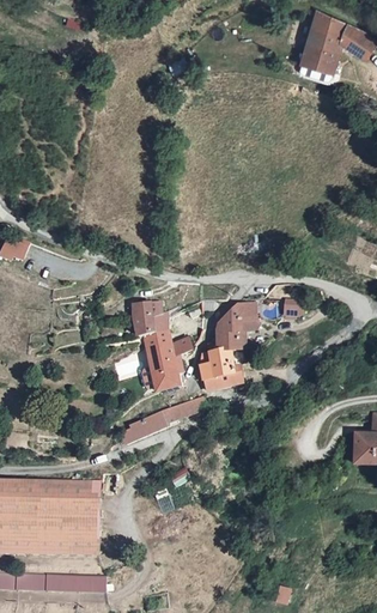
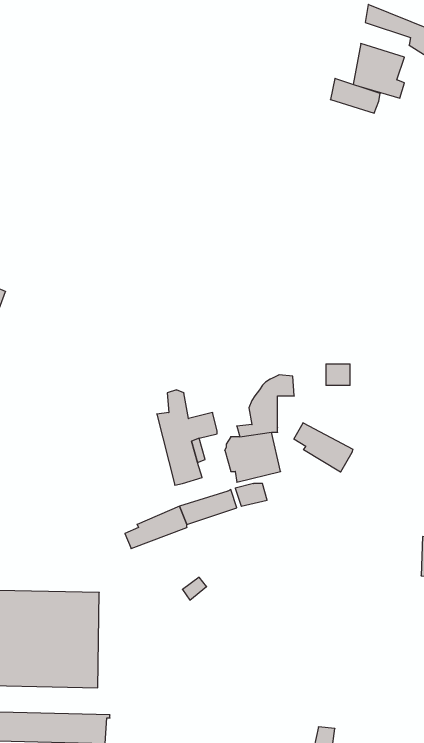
building: [306,26,346,54] -> [330,78,380,113]
building: [133,304,154,338] -> none
building: none -> [294,423,353,472]

